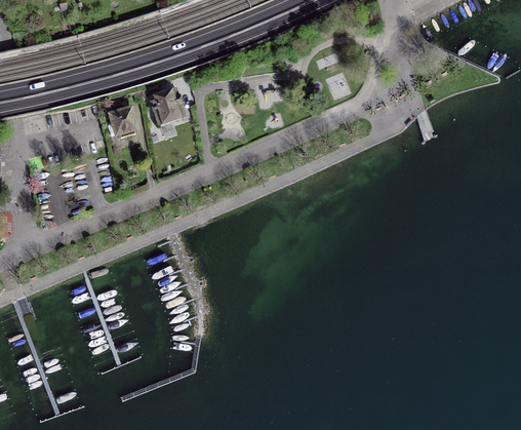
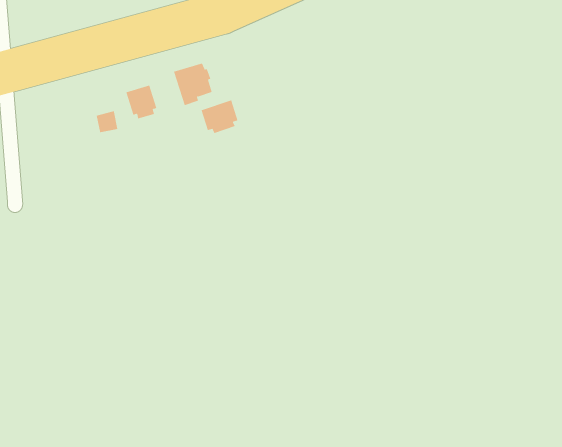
building: none -> [201,99,238,134]

